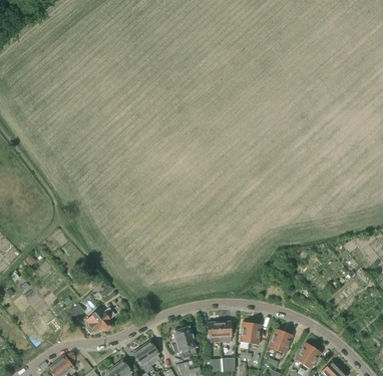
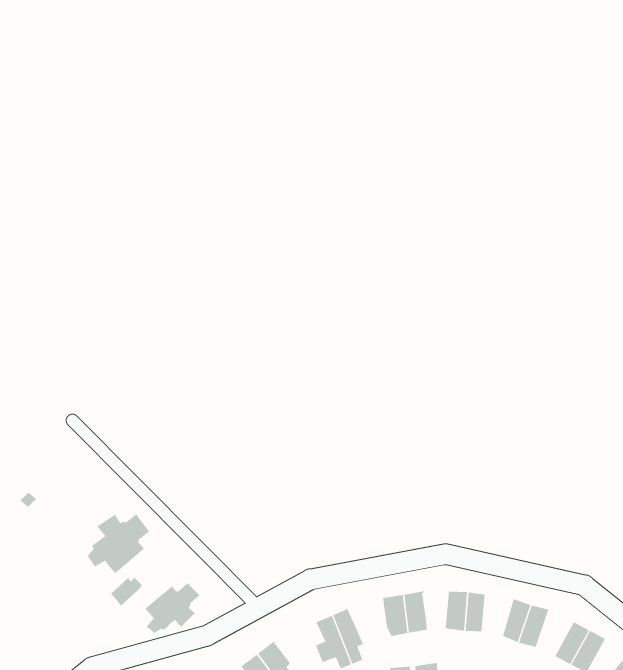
building: none -> [87,514,150,574]

